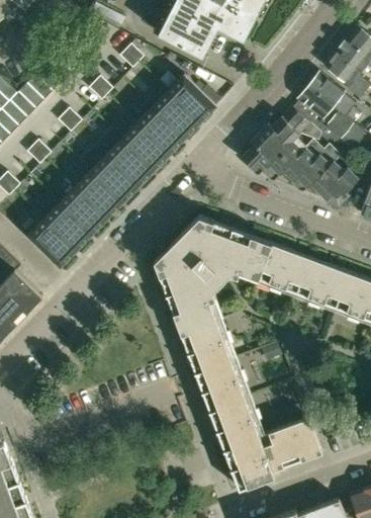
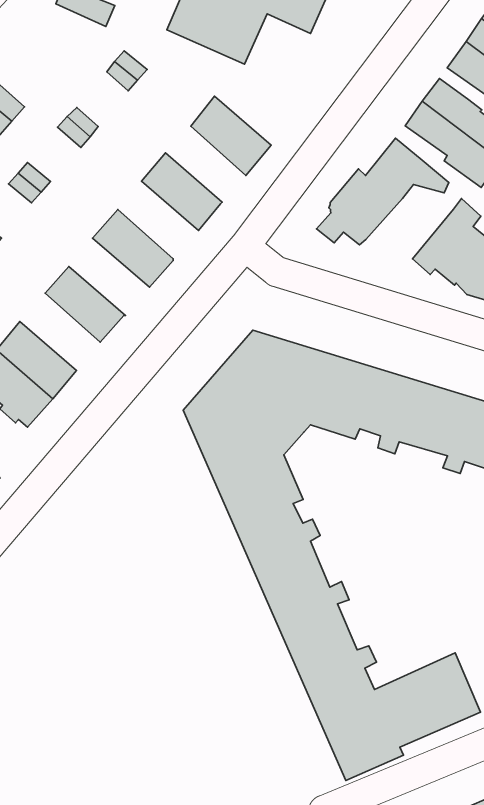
building: [152,91,199,138] -> none
building: [121,122,169,170] -> none
building: [269,140,322,182] -> none
building: [90,155,137,202] -> none
building: [59,186,106,234] -> none

